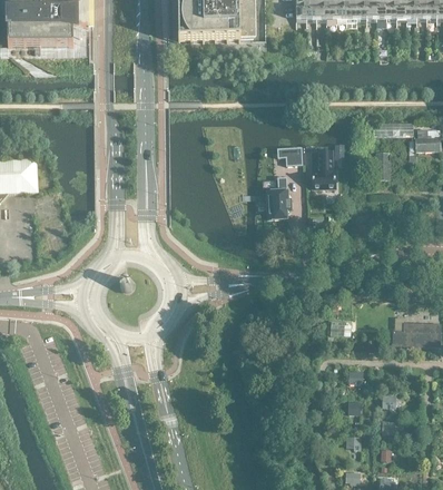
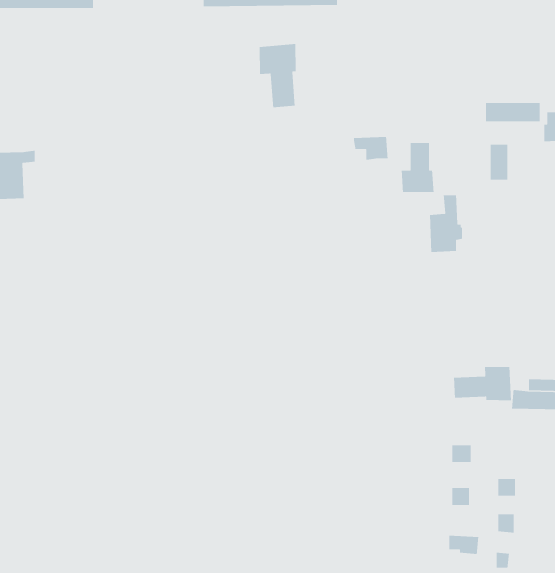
building: none -> [259,43,297,108]
building: [267,175,292,217] -> [429,195,463,253]
building: none -> [453,366,512,401]

